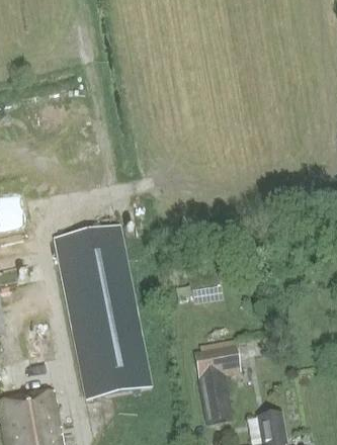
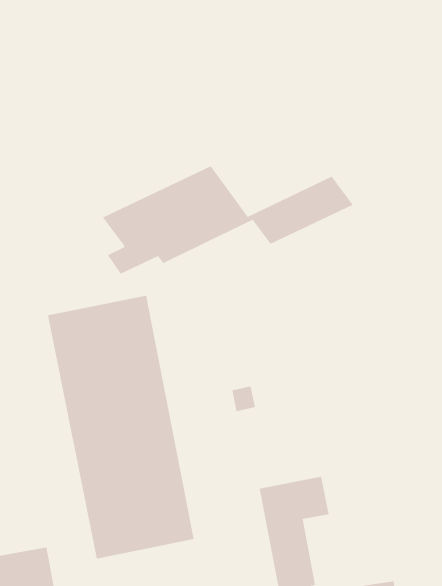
building: none -> [102,165,354,274]

